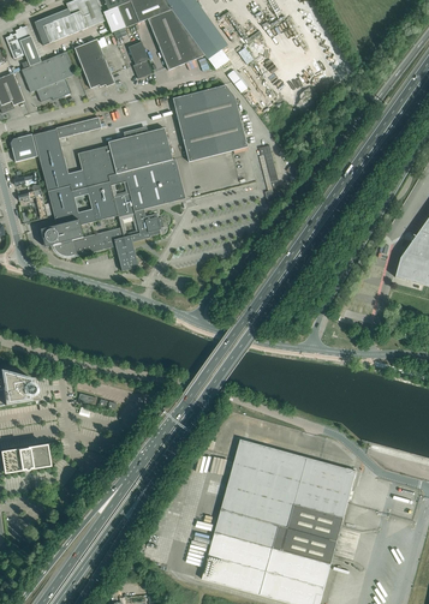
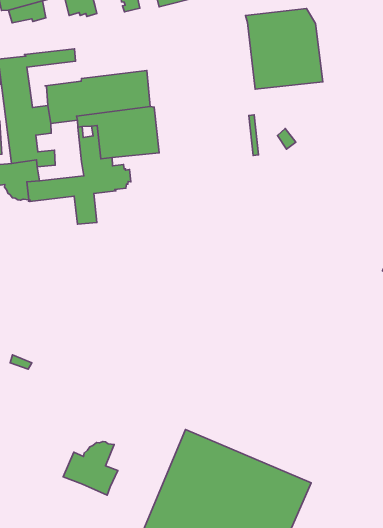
building: [172,84,248,161] -> [246,9,323,89]
building: [87,179,118,221] -> none
building: none -> [63,441,118,495]

